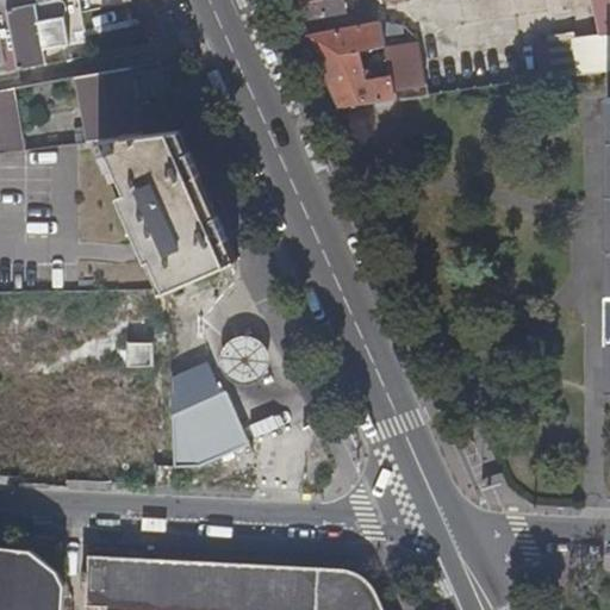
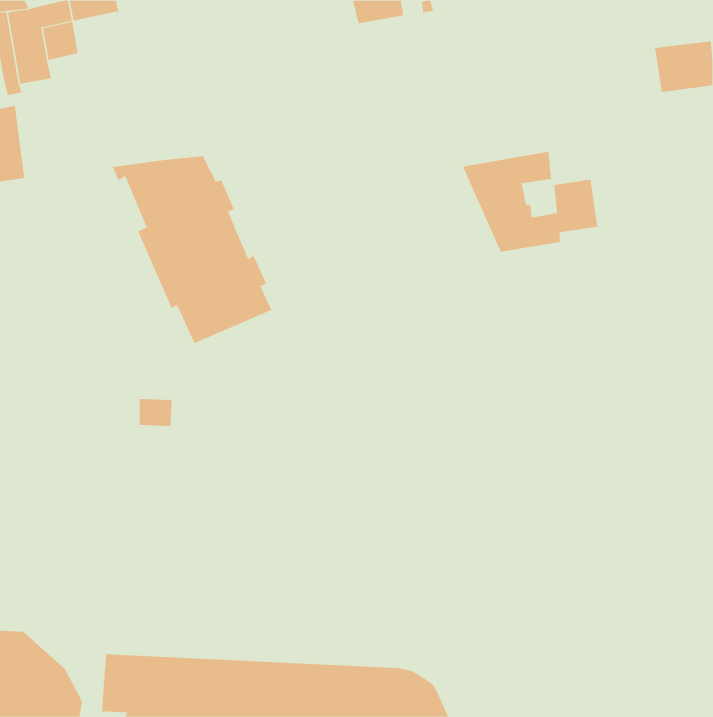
building: [309,24,424,110] -> [462,151,598,252]
building: [79,69,138,143] -> none
building: [213,332,259,375] -> none
building: [170,365,248,468] -> none

